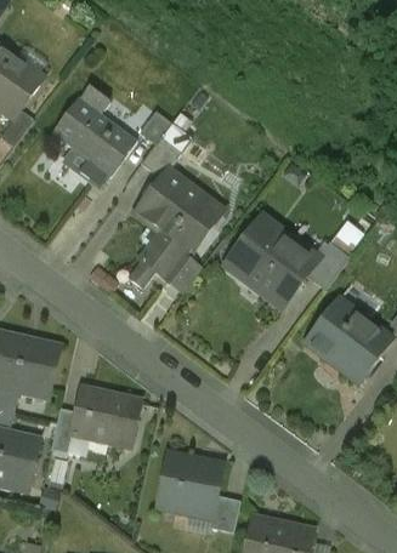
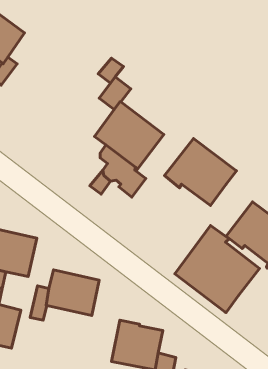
building: [51,85,136,187] -> none
building: [305,241,348,290] -> none
building: none -> [175,226,259,312]

